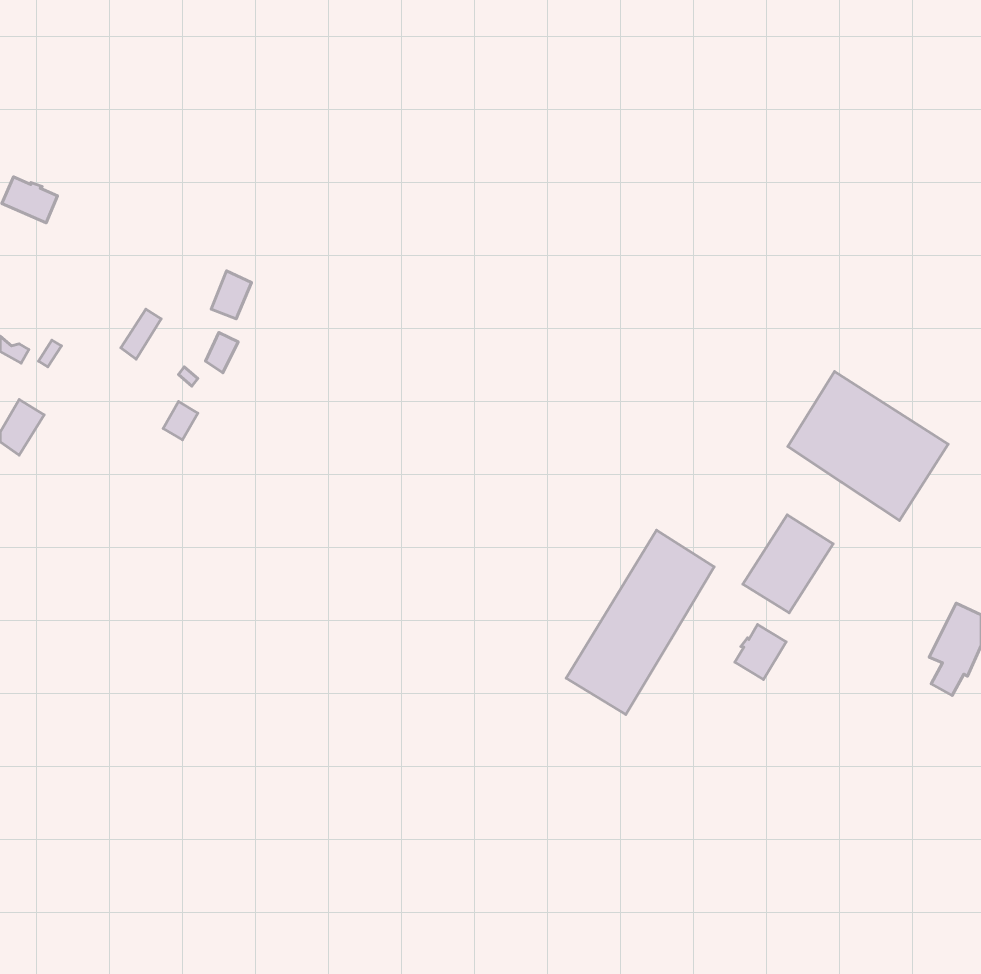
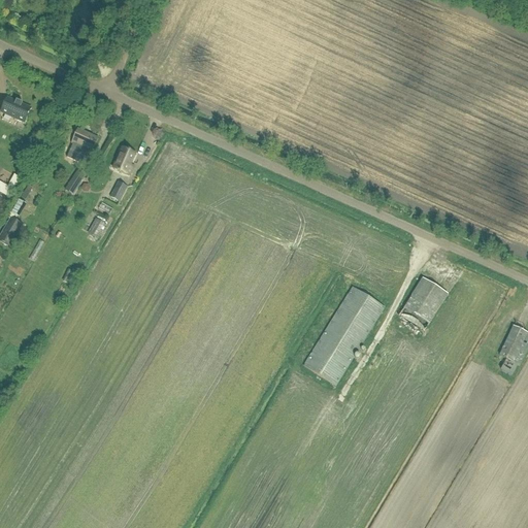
building: none -> [70,126,98,155]
building: [788,372,948,520] -> none
building: [735,625,786,679] -> none

